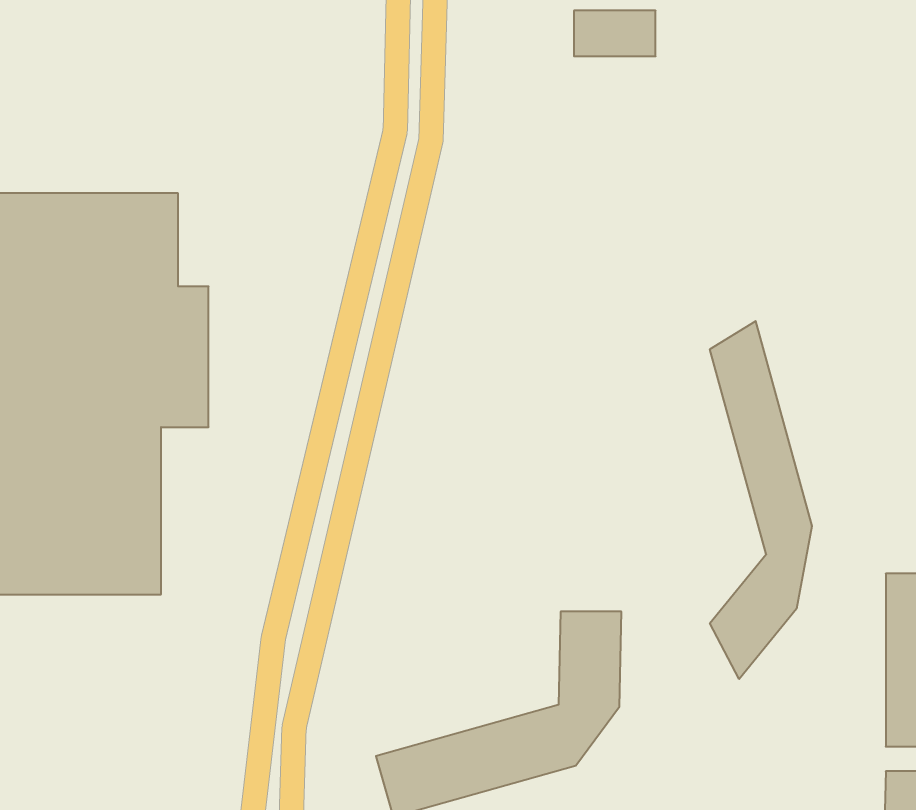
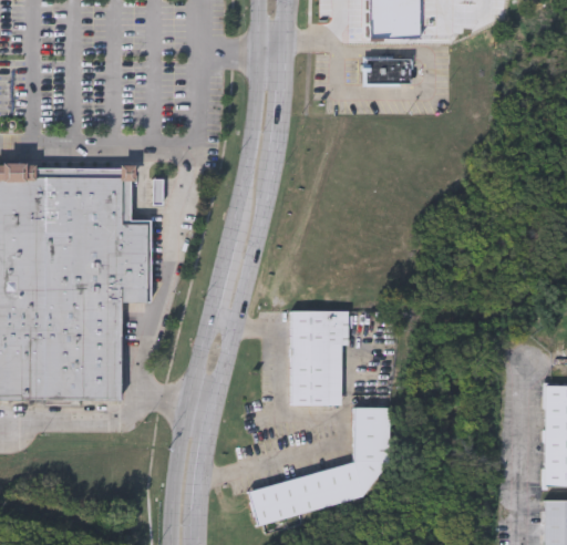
building: [710,321,812,679] -> none
building: none -> [289,311,347,405]

